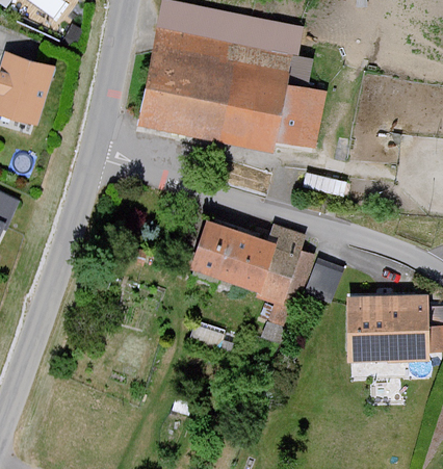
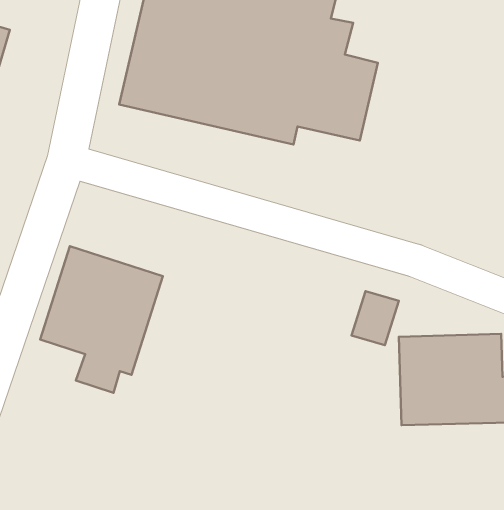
building: [185,218,317,309] -> none
building: none -> [40,246,163,393]

